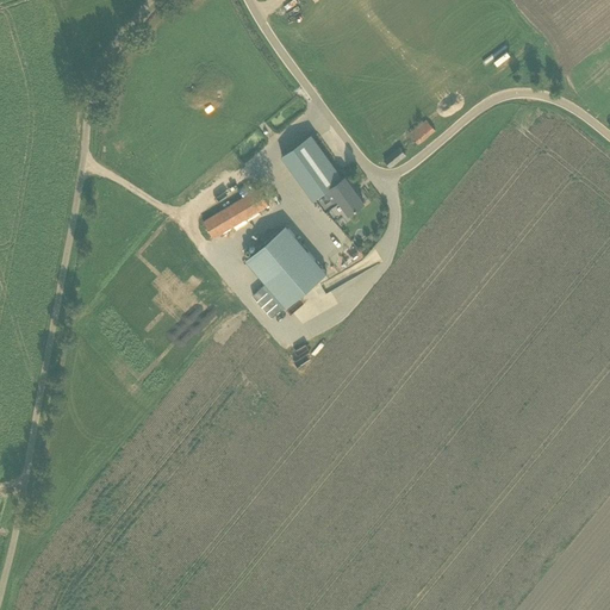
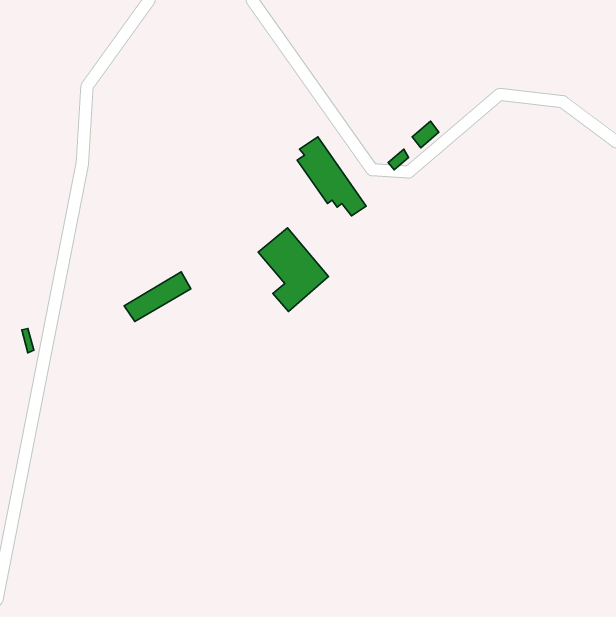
building: [199,191,264,239] -> [124,272,191,322]

